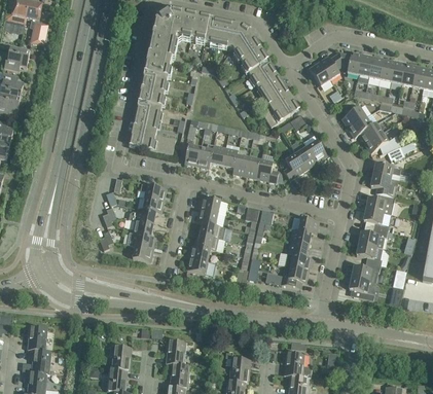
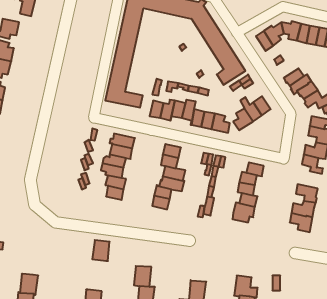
building: [358,227,387,248] -> none
building: [27,325,47,350] -> none
building: [110,345,131,369] -> [92,240,110,261]

